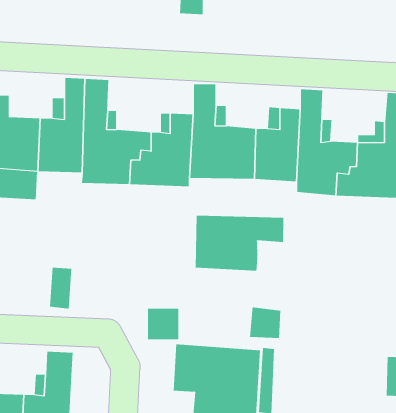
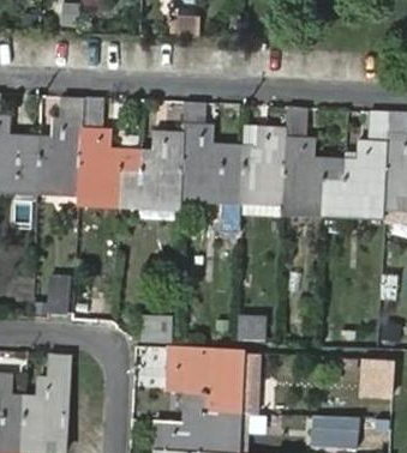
building: [195,215,284,271] -> none

